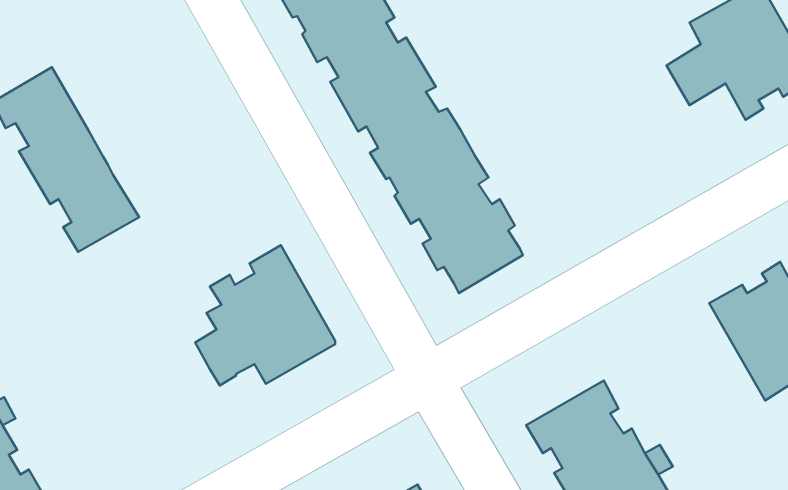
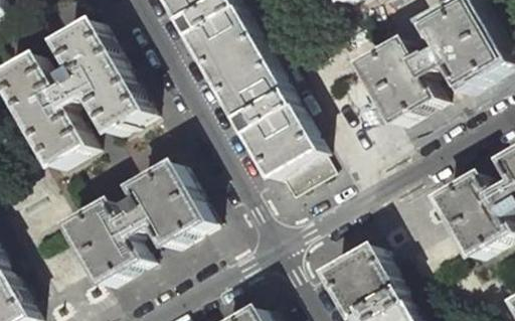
building: none -> [56,21,146,134]
building: none -> [358,40,436,124]
building: none -> [66,200,144,285]

